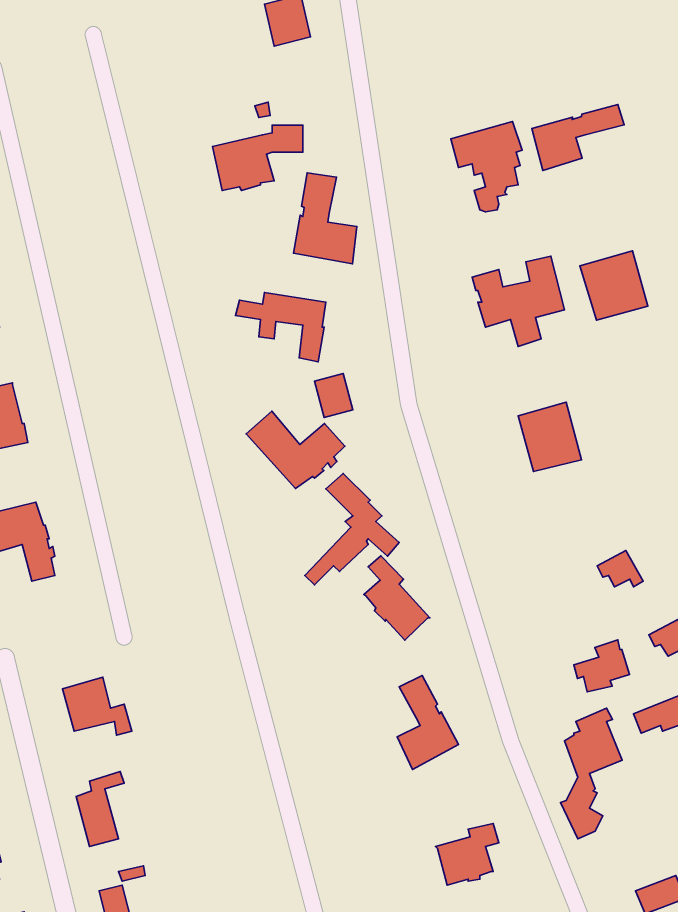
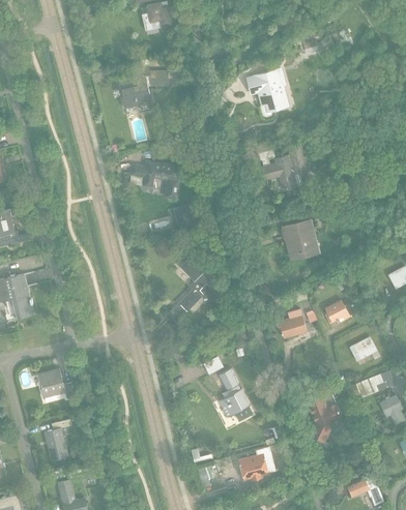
building: [532,104,624,170] -> none
building: [294,173,357,264] -> none
building: [580,251,648,320] -> none
building: [246,411,345,489] -> none
building: [364,556,430,640] -> none
building: [574,640,629,692] -> [276,309,306,337]

